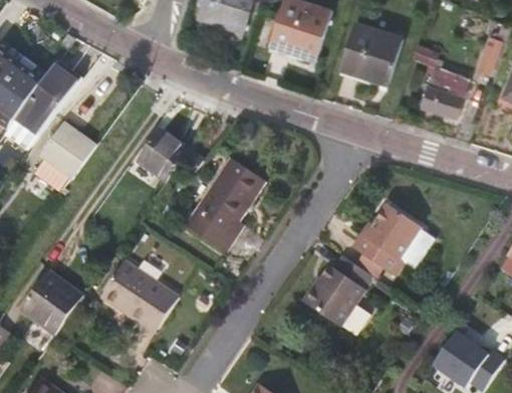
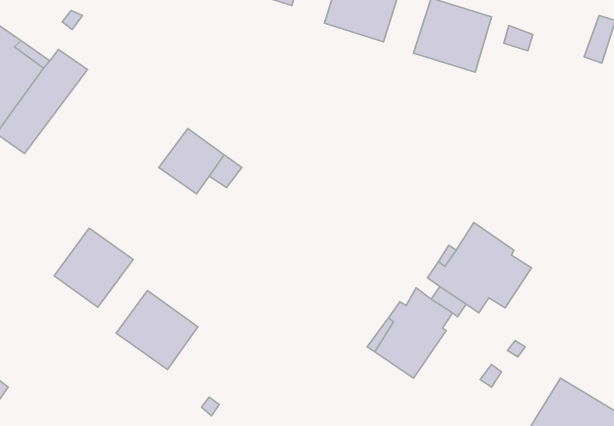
building: [420,67,467,119] -> none
building: [37,121,95,179] -> none
building: [185,161,268,255] -> none
building: [19,271,82,335] -> [54,228,133,307]

